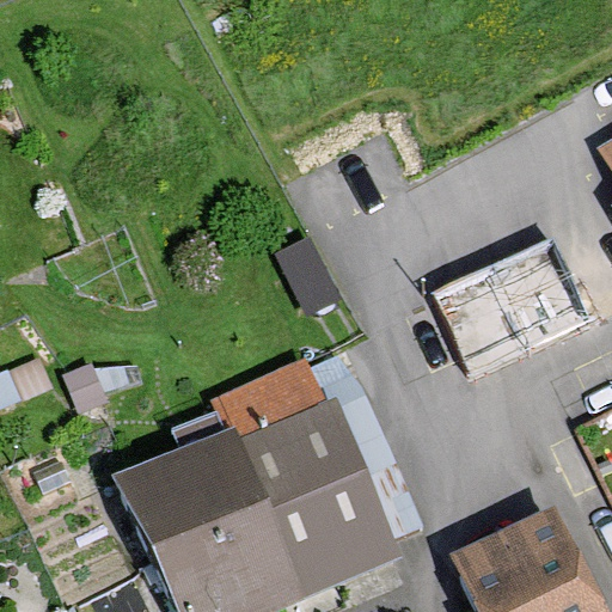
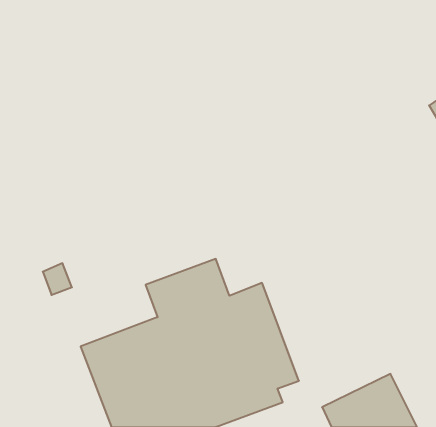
building: [434,238,590,373] -> none

